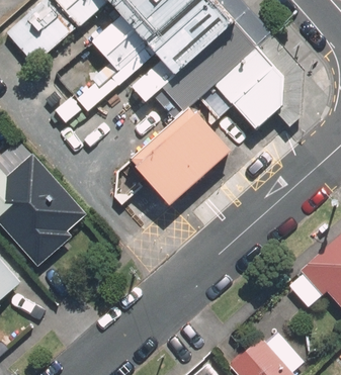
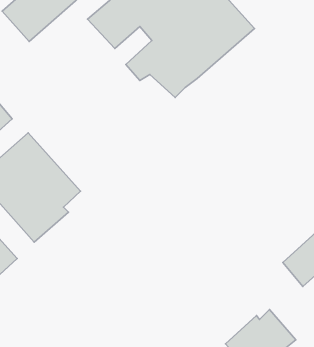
building: [200,50,283,132] -> none
building: [127,109,229,209] -> none

